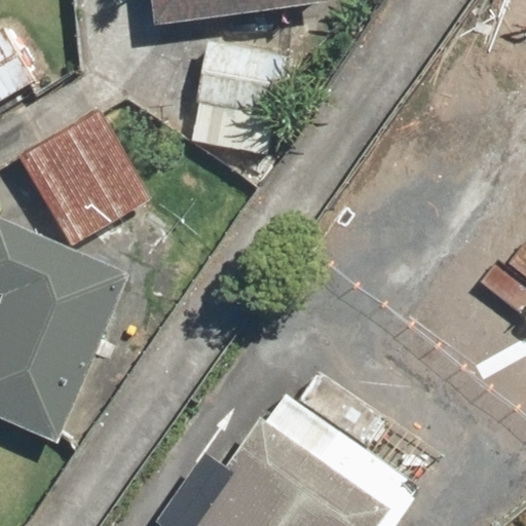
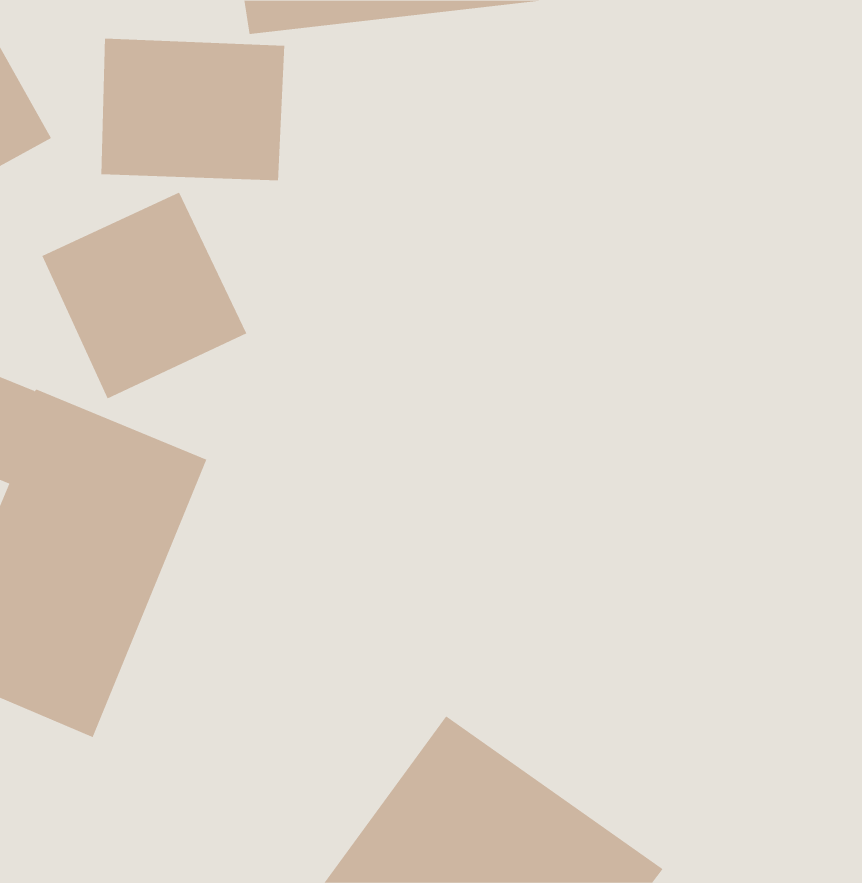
building: none -> [101,38,285,181]
building: [196,42,284,149] -> none

